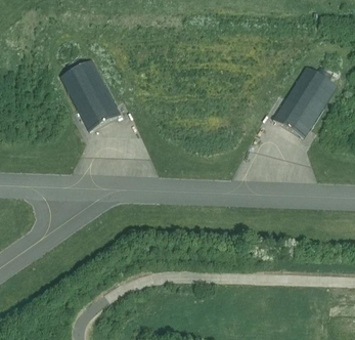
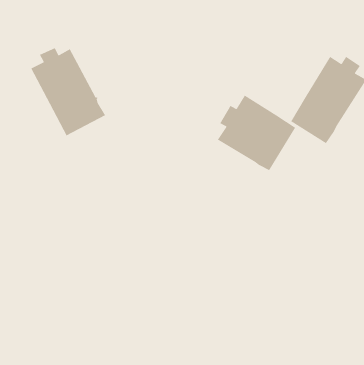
building: none -> [217,94,296,171]

